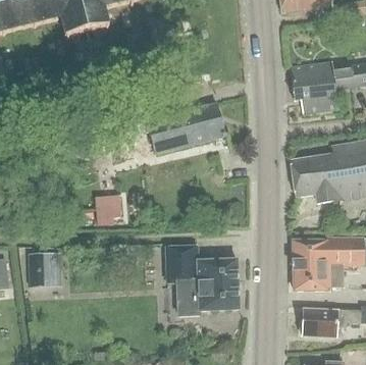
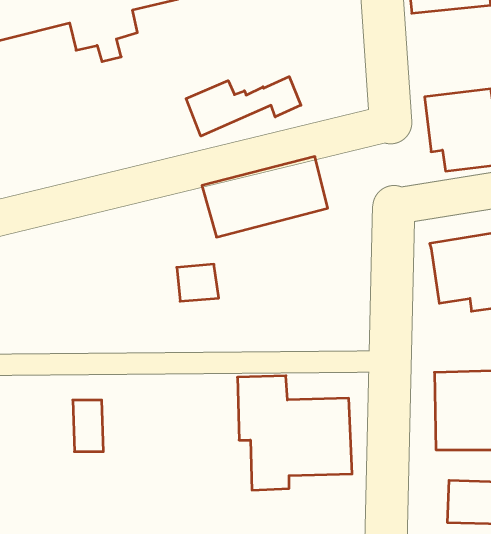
building: none -> [186,77,301,136]
building: [95,194,121,217] -> [177,264,219,301]
building: [29,253,48,285] -> [73,400,103,452]

